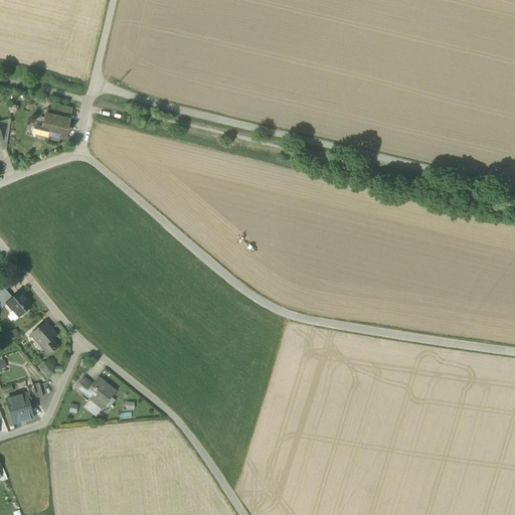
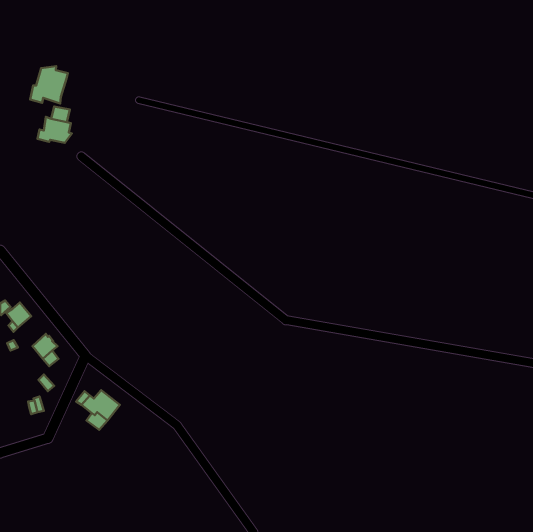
building: none -> [30,66,68,104]
building: [6,393,32,422] -> none

